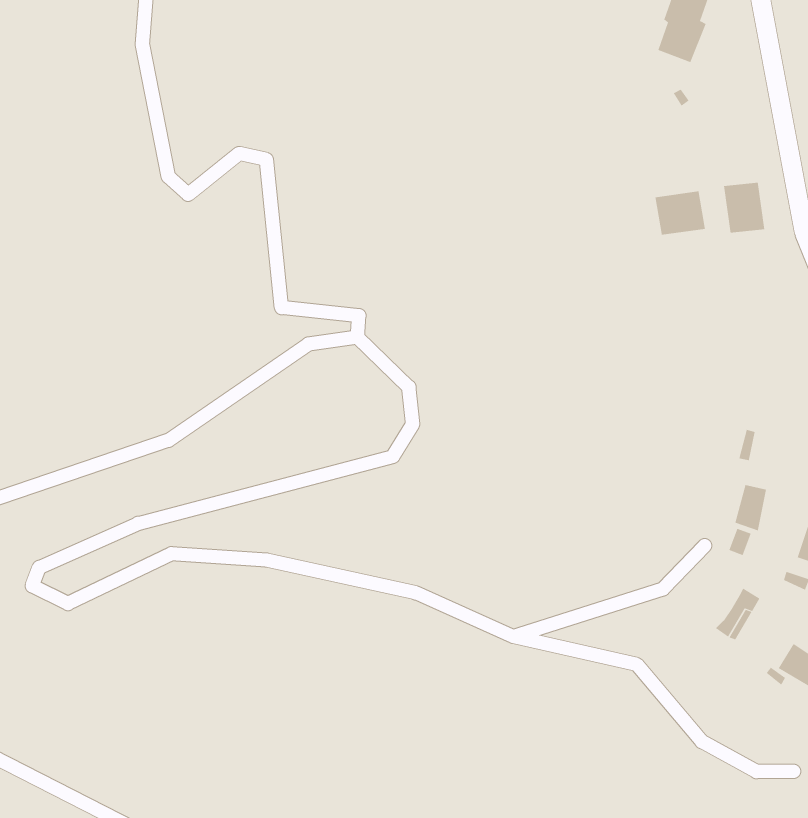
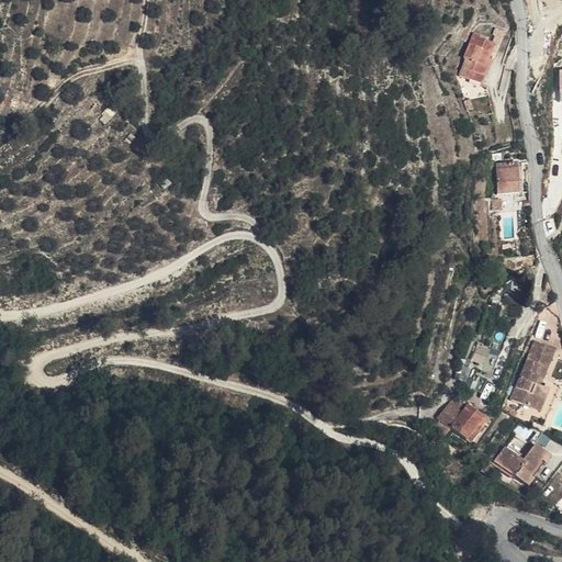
building: [655,191,706,236] -> none
building: none -> [439,403,475,432]

